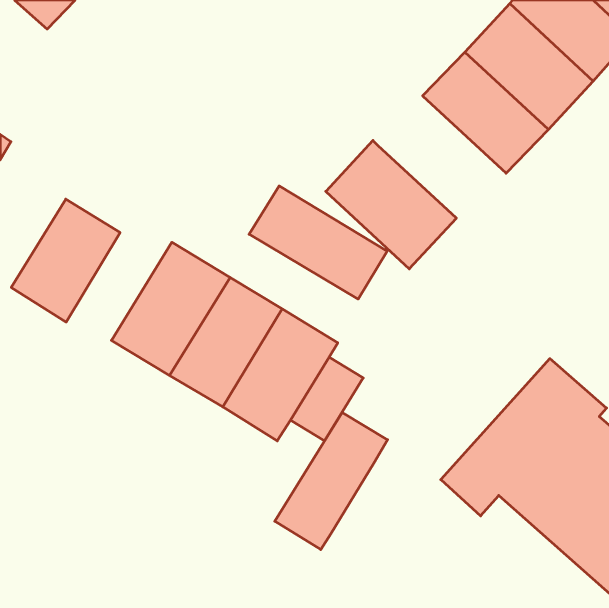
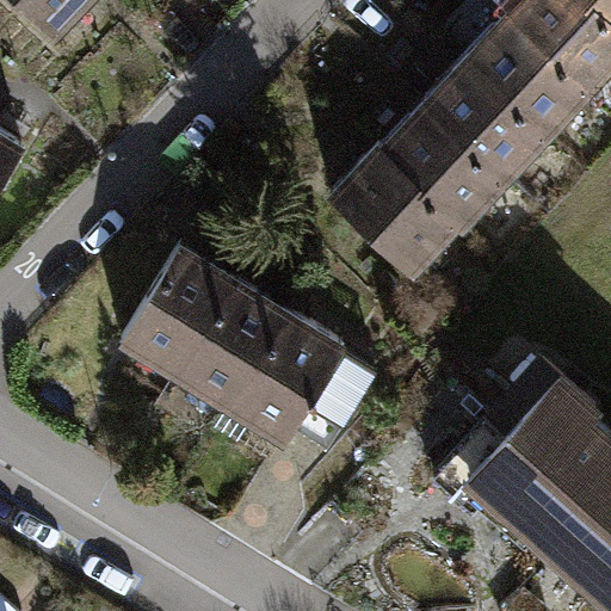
building: none -> [382,105,508,230]
building: [249,186,387,299] -> none
building: [11,199,120,322] -> none
building: [275,412,388,550] -> none

